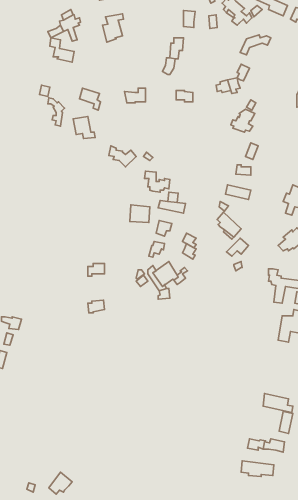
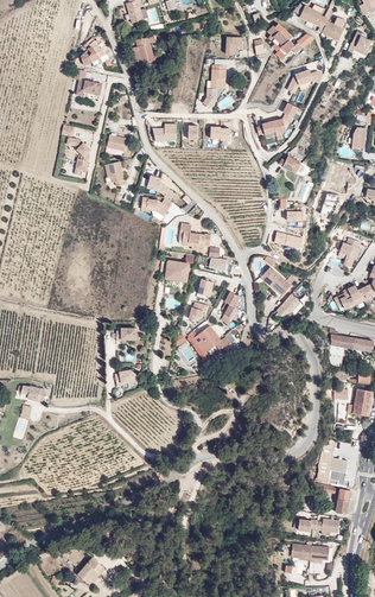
building: none -> [317,443,347,477]

